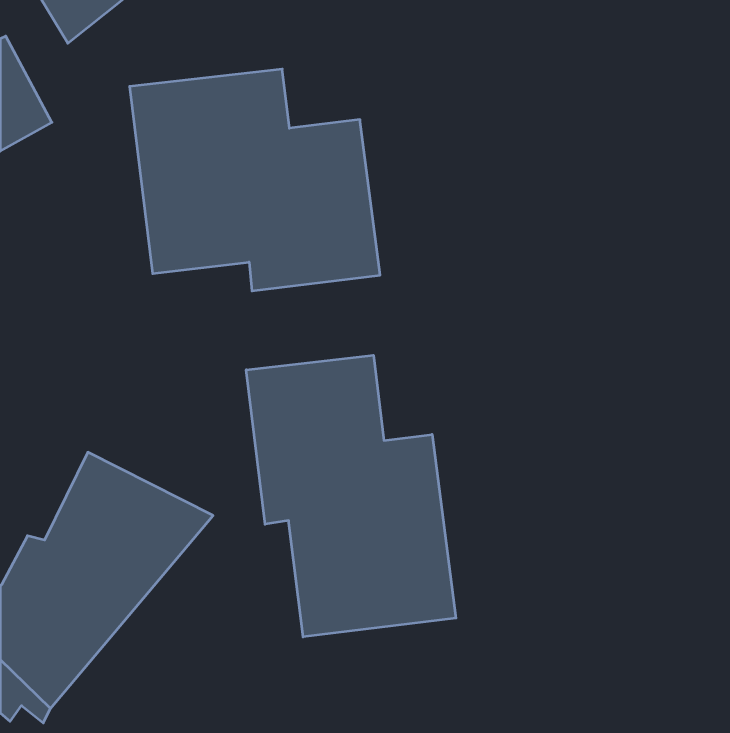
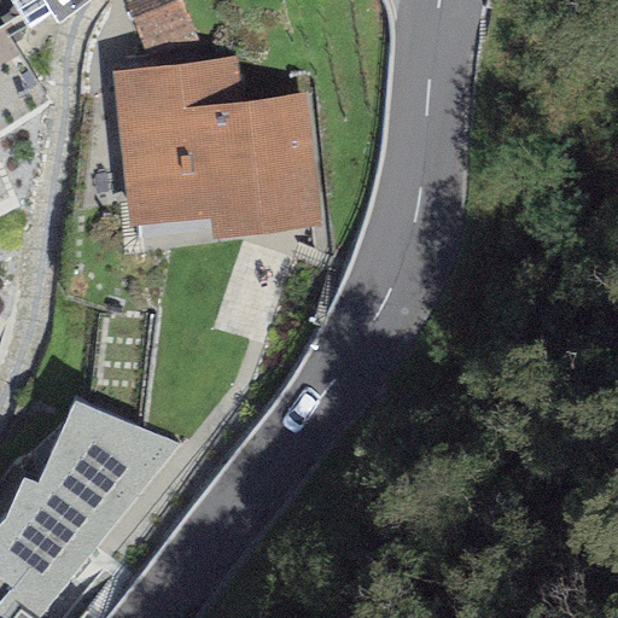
building: [246,355,456,637] -> none

